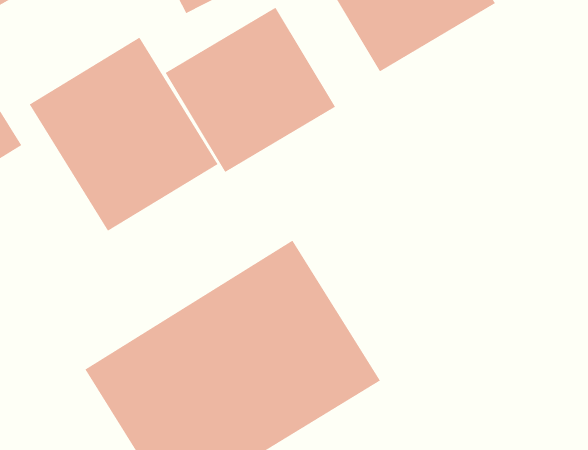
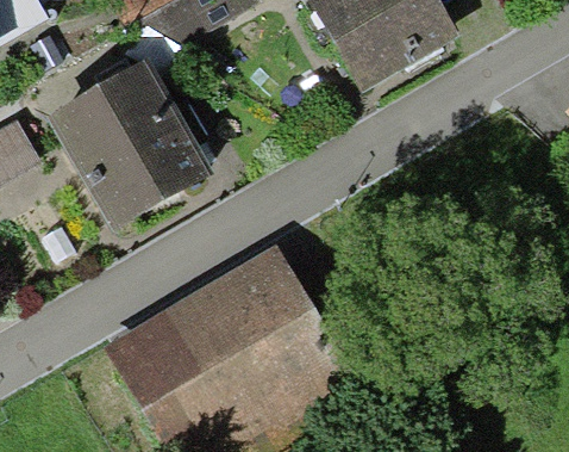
building: [165,7,336,173] -> none

